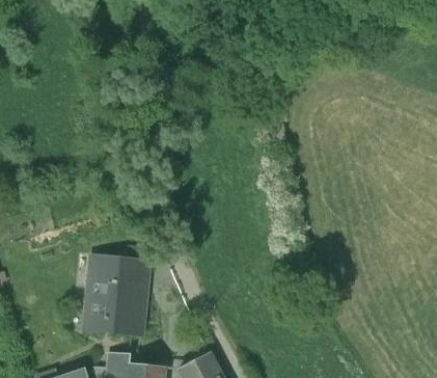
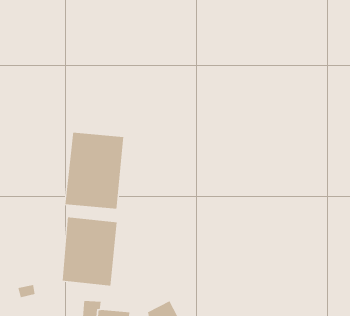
building: none -> [65,132,124,210]

